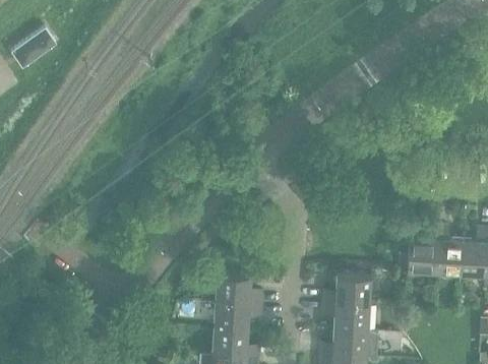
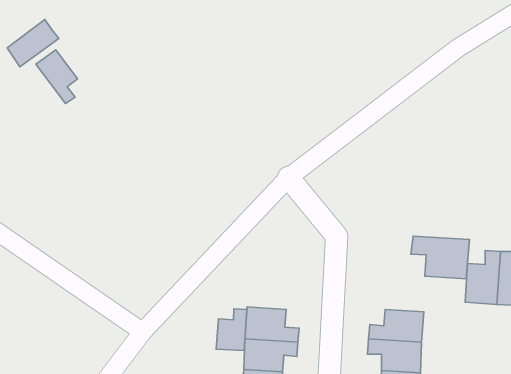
building: none -> [36,50,78,103]
building: none -> [411,236,470,279]
building: none -> [216,309,247,351]

